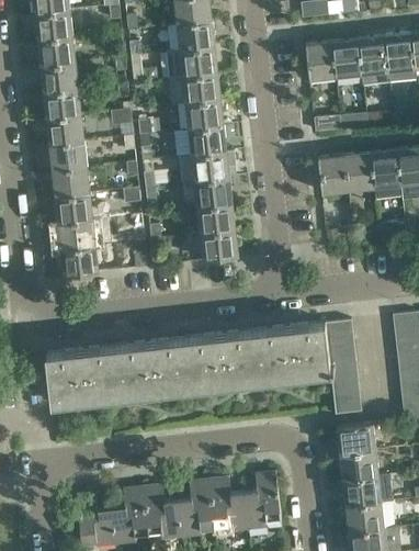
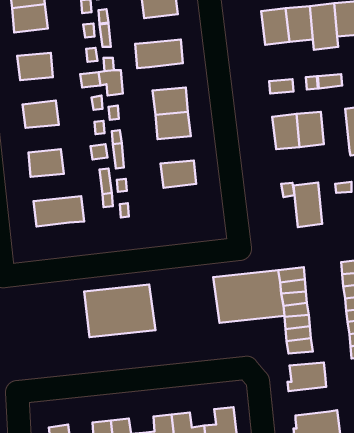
building: [166,47,218,79] -> none
building: [38,63,78,92] -> none
building: [184,100,224,130] -> none
building: [45,115,83,145] -> none
building: [370,149,400,198] -> [294,182,322,227]
building: [50,167,89,196] -> none
building: [193,179,233,209] -> none
building: [56,217,111,249] -> none
building: [200,230,238,261] -> none
building: [184,331,260,389] -> none
building: [45,347,120,404] -> none
building: [335,450,378,481] -> none

